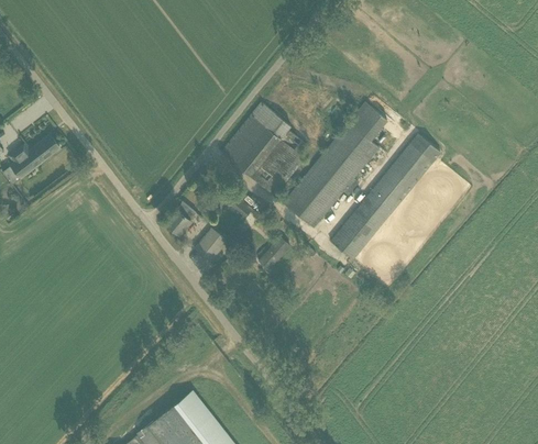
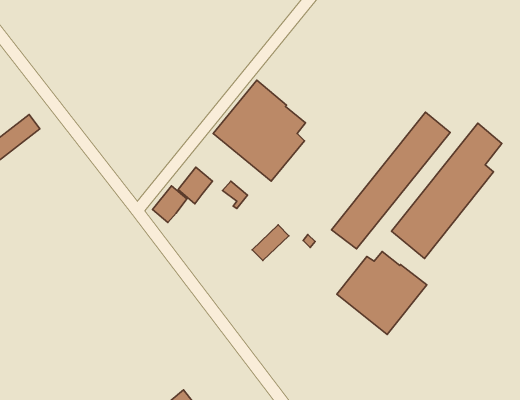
building: [284,102,386,227] -> [391,123,502,259]
building: [196,227,228,262] -> [178,167,213,204]
building: none -> [337,252,427,335]

